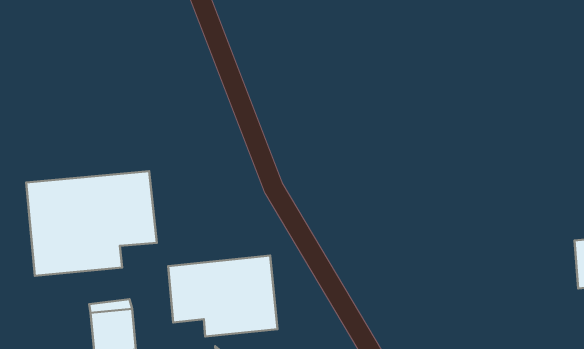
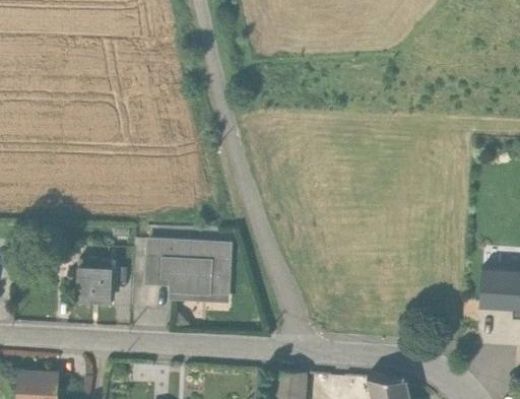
building: [26,171,157,276] -> none

